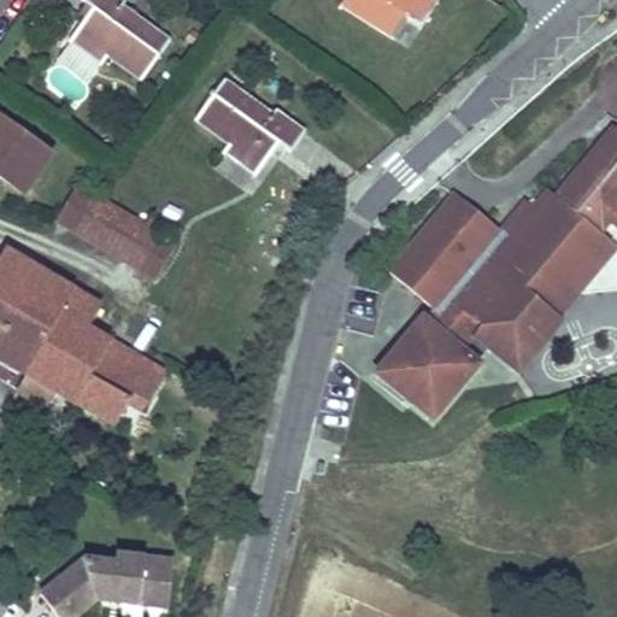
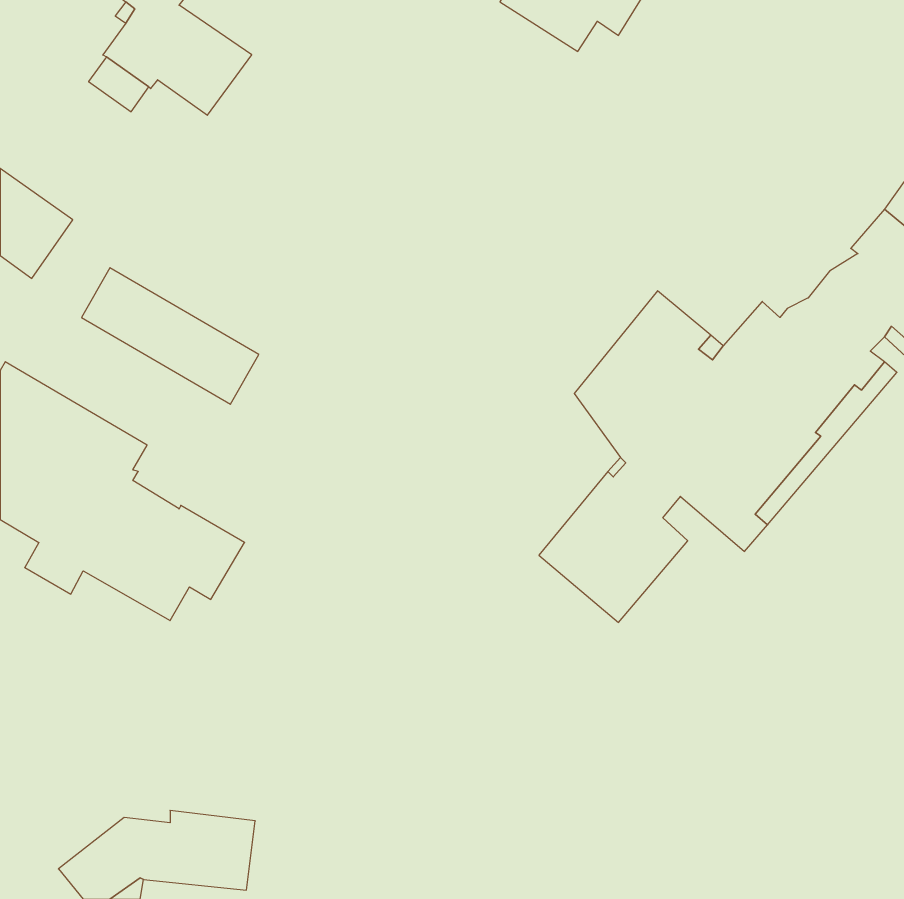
building: [195,76,306,171] -> none

